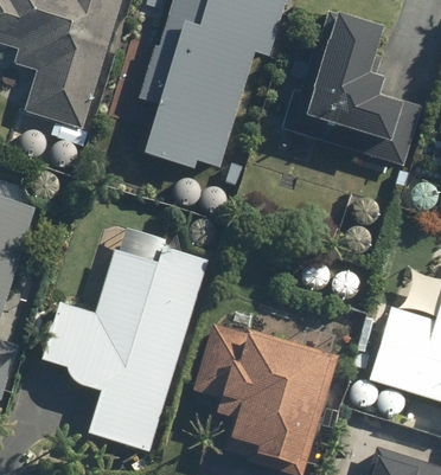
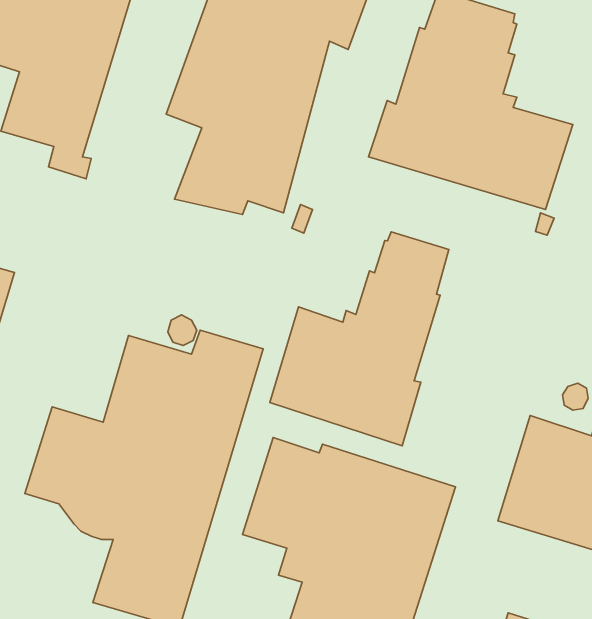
building: none -> [270,232,449,446]

